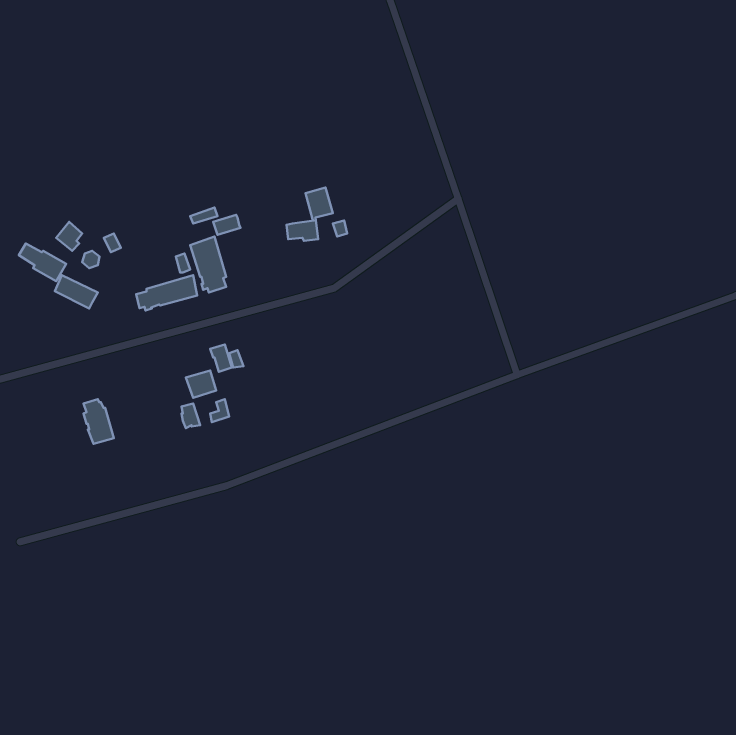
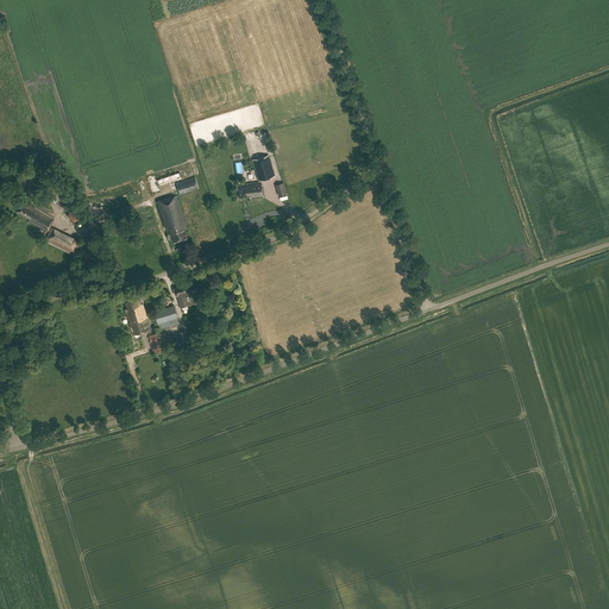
building: [136,275,197,310] -> none
building: [83,399,114,444] -> [125,299,150,335]

